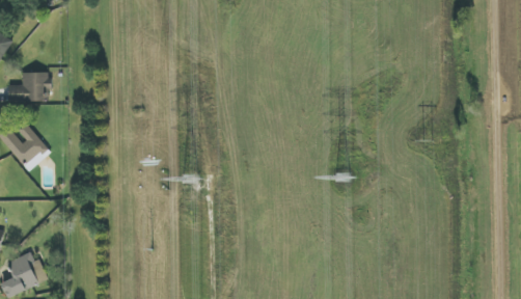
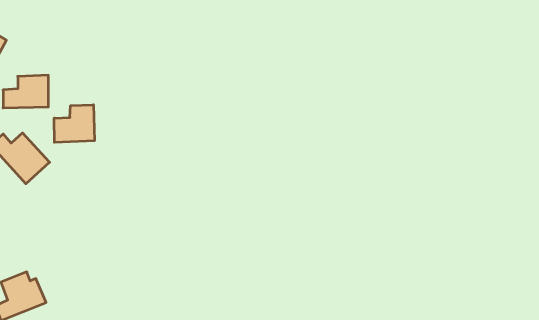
building: none -> [54,105,94,142]

